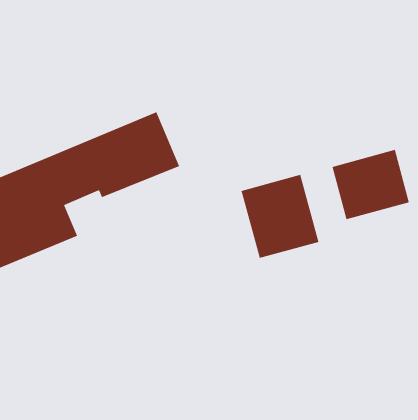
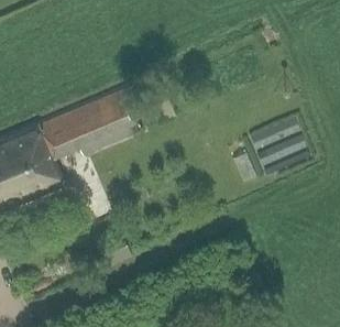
building: [240,174,320,259] -> none

